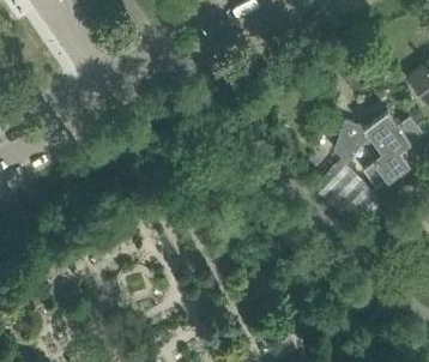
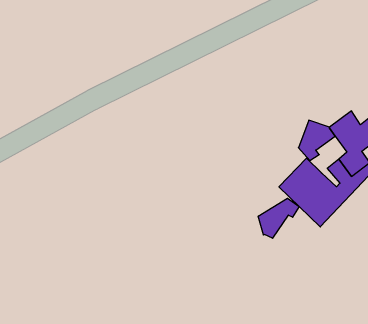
building: none -> [258,198,299,238]

